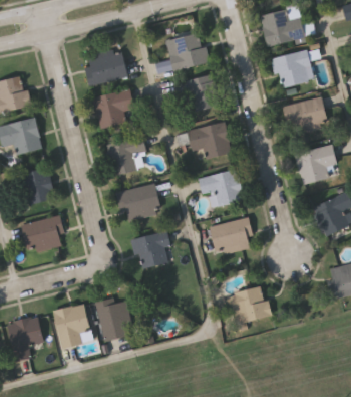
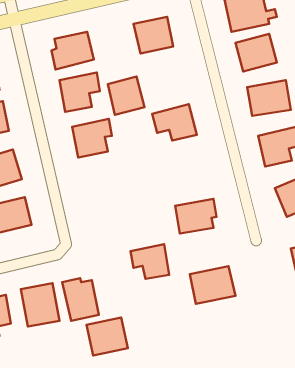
building: [182,74,219,114] -> [108,76,144,115]
building: [198,170,243,207] -> none
building: [115,184,161,220] -> none
building: [130,232,169,267] -> [131,244,169,279]
building: none -> [87,317,128,355]

